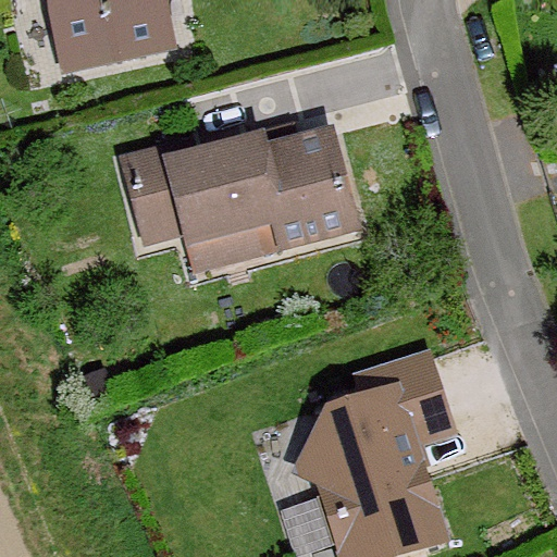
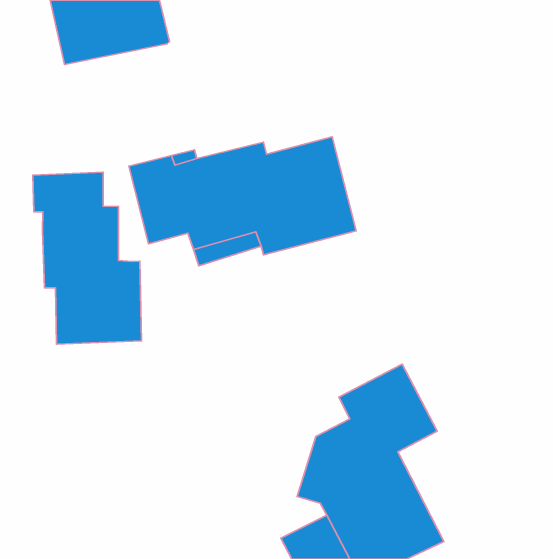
building: none -> [33,172,142,344]

